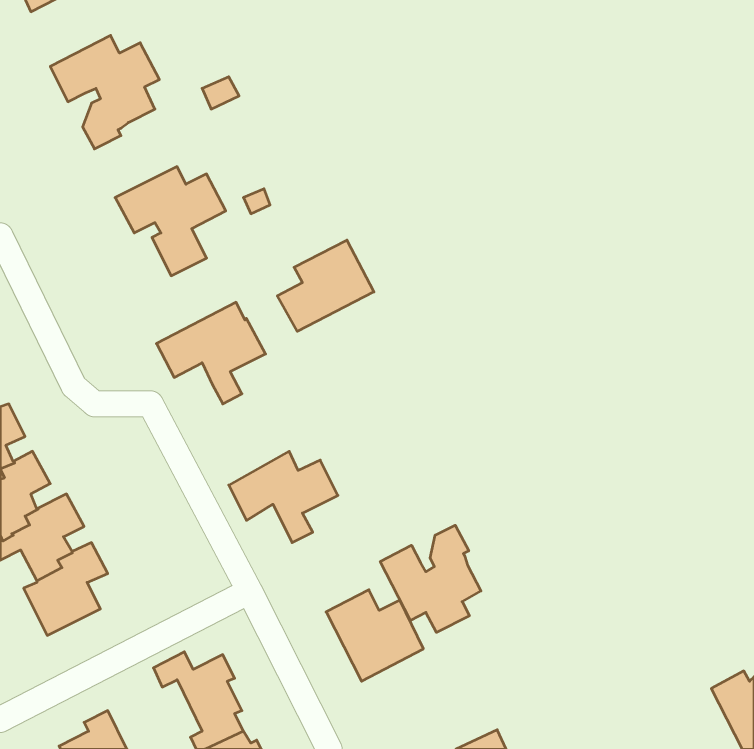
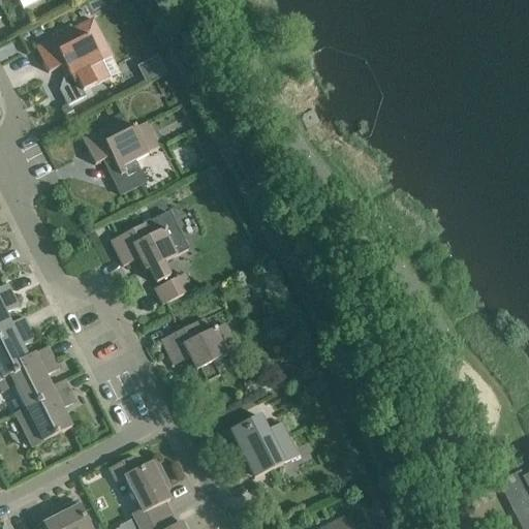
building: [277,240,374,331] -> none
building: none -> [154,278,191,305]
building: [380,525,481,632] -> none

